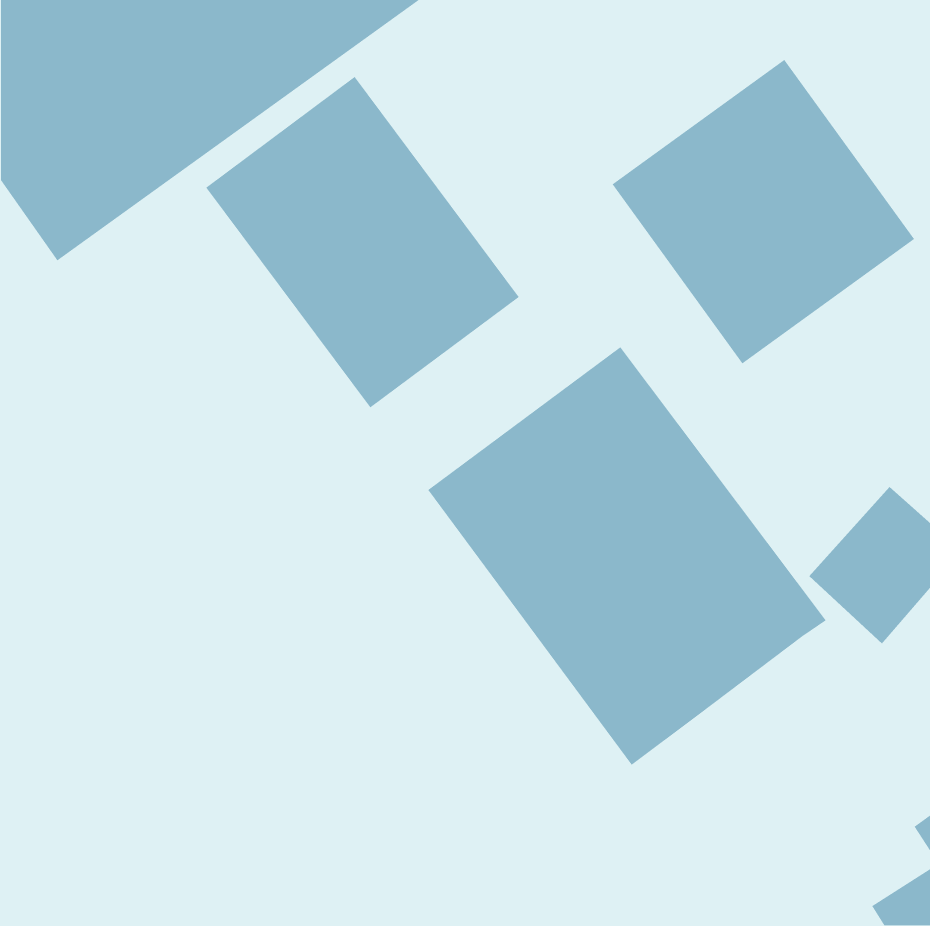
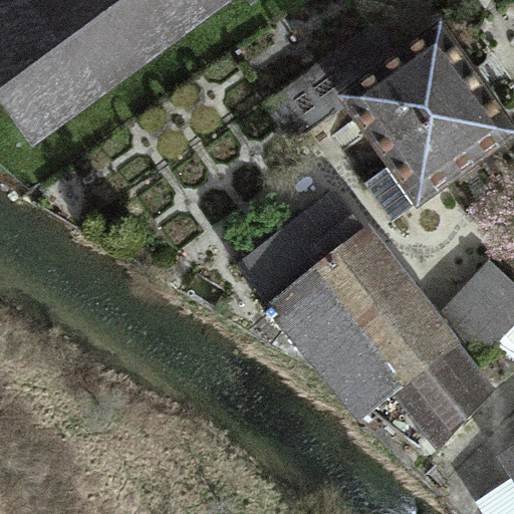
building: [205,76,520,408] -> none
building: none -> [387,347,484,444]

